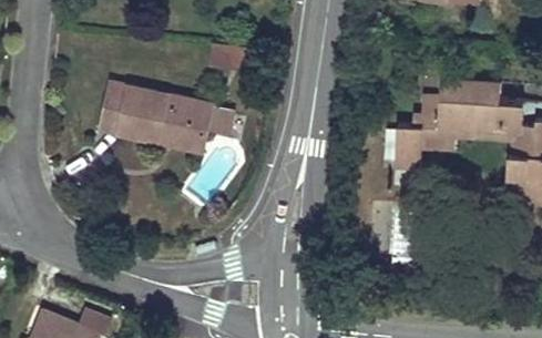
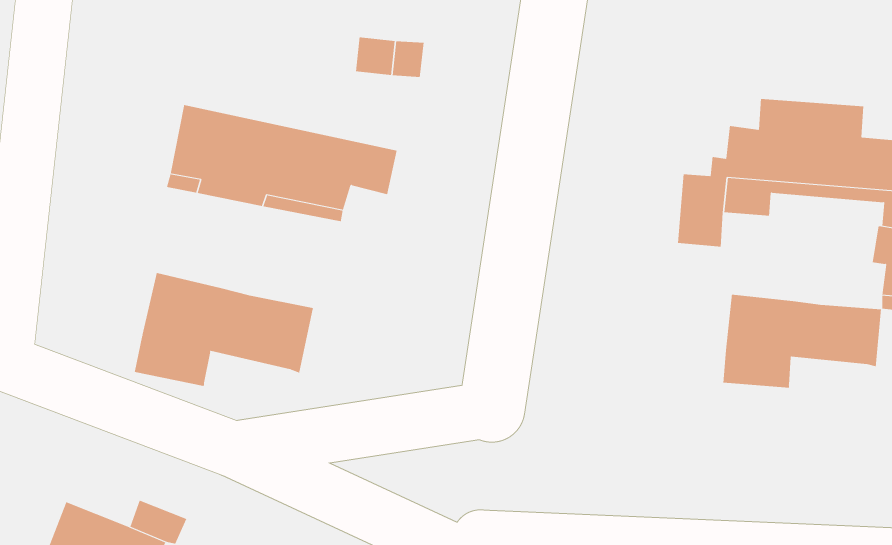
building: none -> [134,272,314,387]
building: none -> [723,294,882,389]

